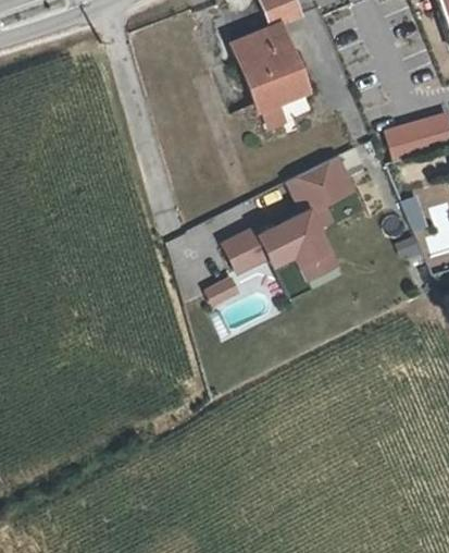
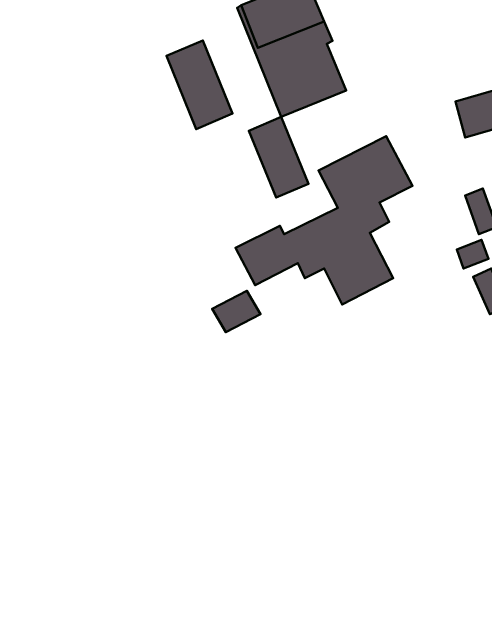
building: none -> [167,40,233,129]
building: none -> [249,117,308,198]

